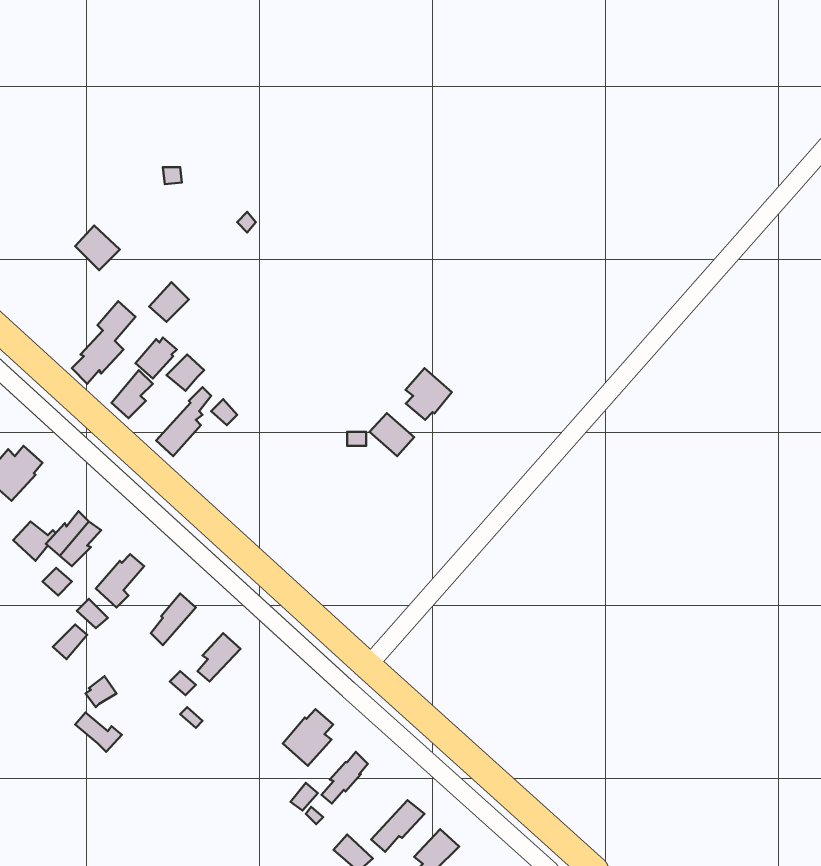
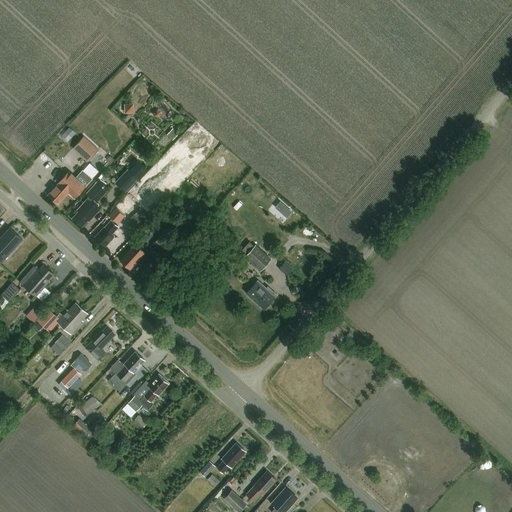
building: none -> [47,172,85,205]
building: [405,368,452,420] -> none
building: none -> [246,282,275,310]
building: [283,709,333,766] -> none

